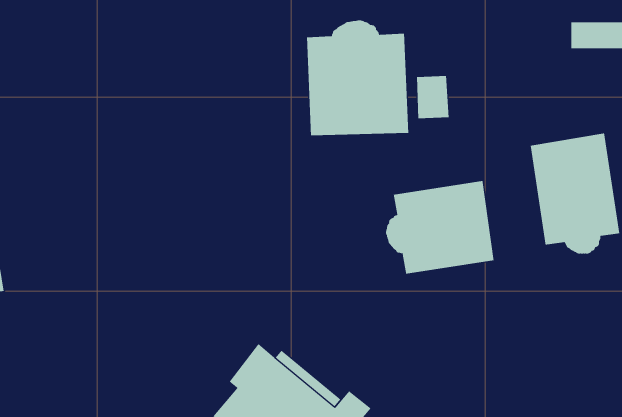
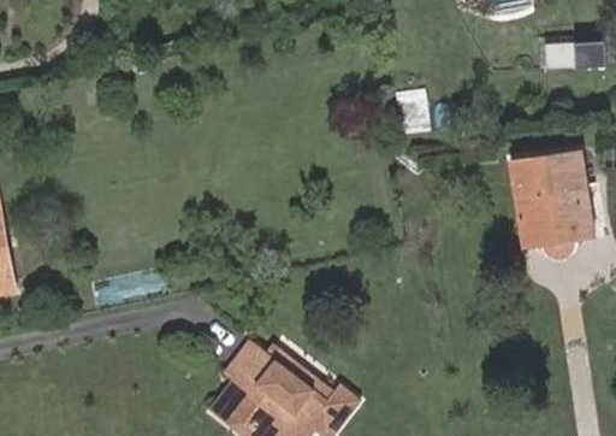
building: [306,20,409,136] -> none
building: [385,180,494,274] -> none

